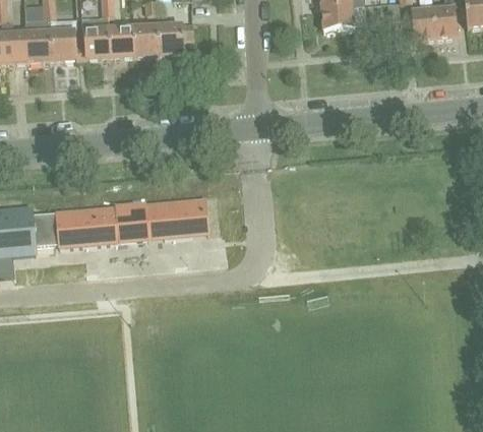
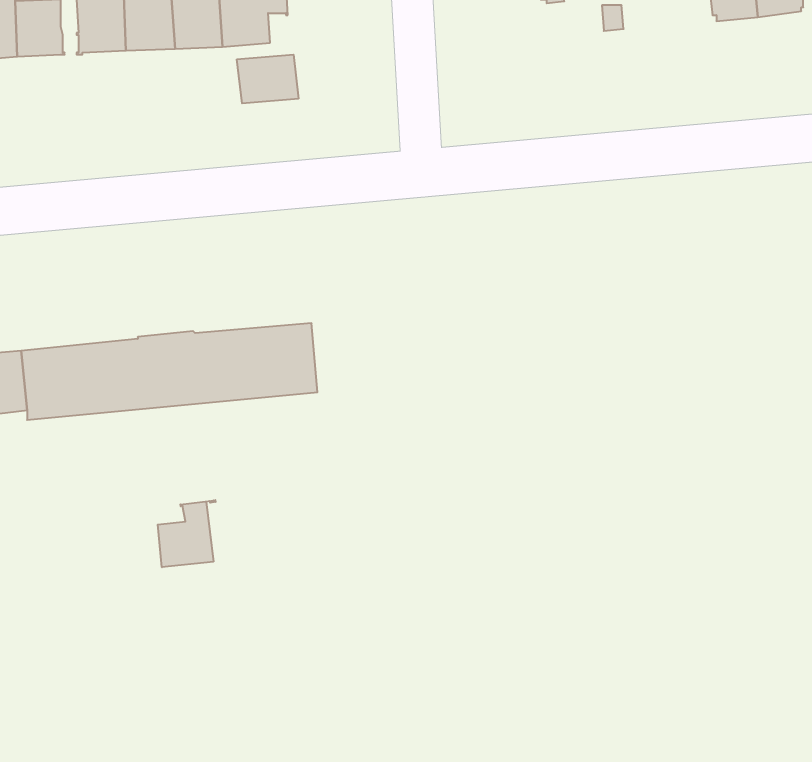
building: none -> [237,55,298,103]
building: none -> [158,500,216,567]

